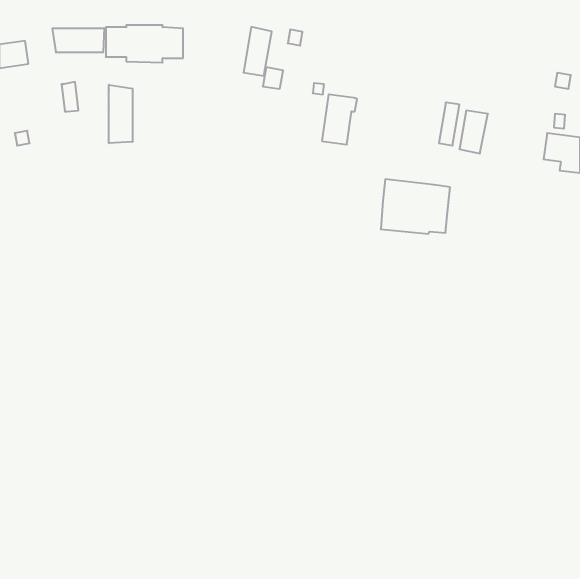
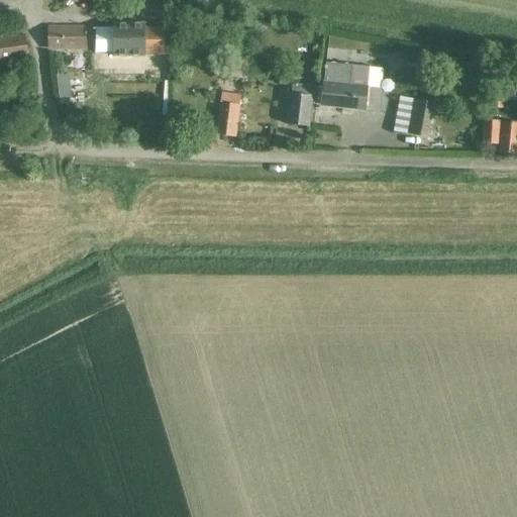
building: [243,27,272,76] -> [217,92,242,135]
building: [109,85,133,143] -> none
building: [381,179,450,234] -> [321,62,383,110]

